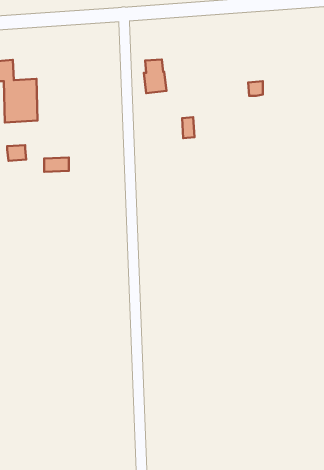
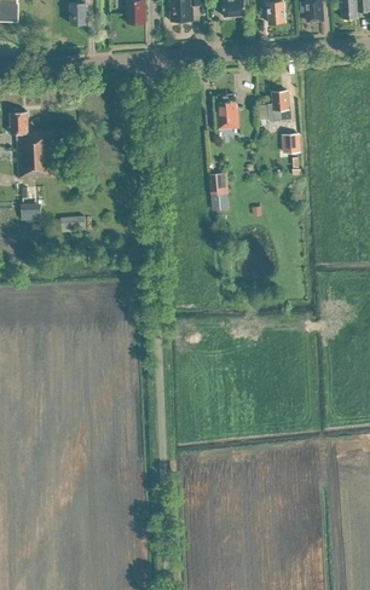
building: none -> [267,89,291,120]
building: [144,59,166,93] -> [215,93,239,129]

